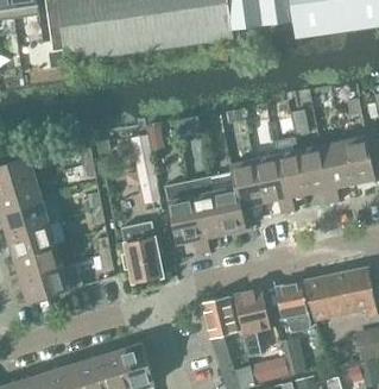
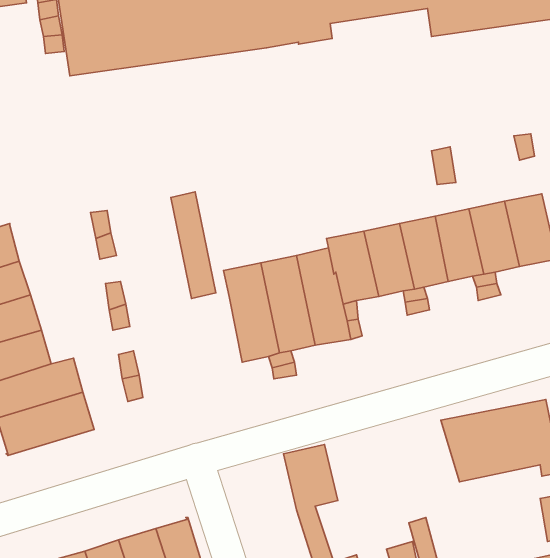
building: [121,221,163,283] -> none
building: [276,281,310,332] -> none
building: [234,288,270,357] -> none

